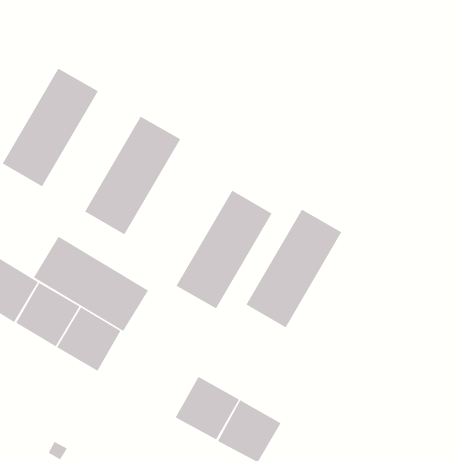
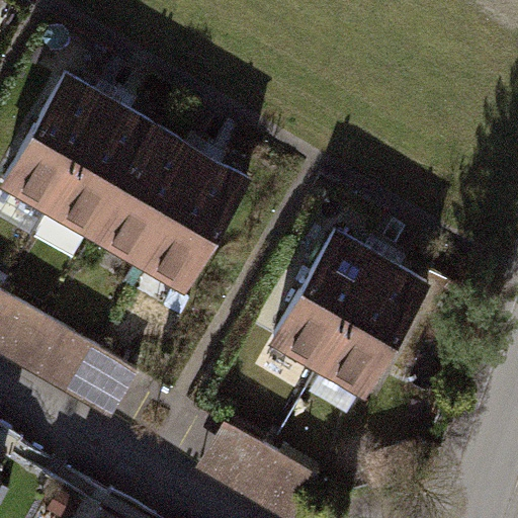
building: none -> [48,103,156,237]
building: [176,190,272,309] -> [140,157,248,290]
building: none -> [319,262,427,396]
building: [33,236,149,332] -> none

